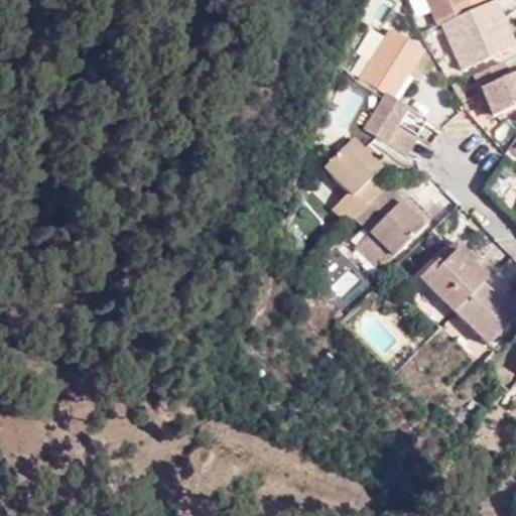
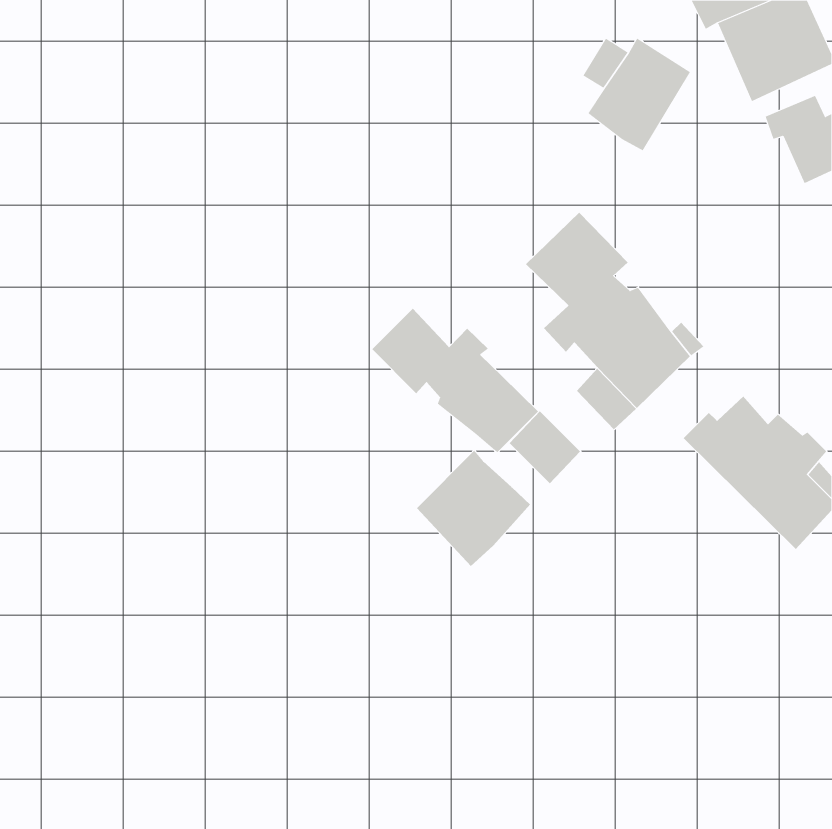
building: [361,92,424,153] -> none
building: none -> [371,308,539,453]
building: none -> [416,450,531,567]

